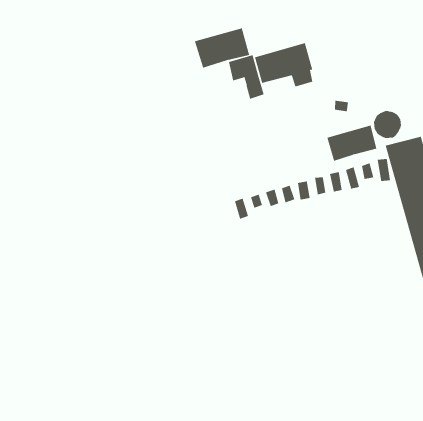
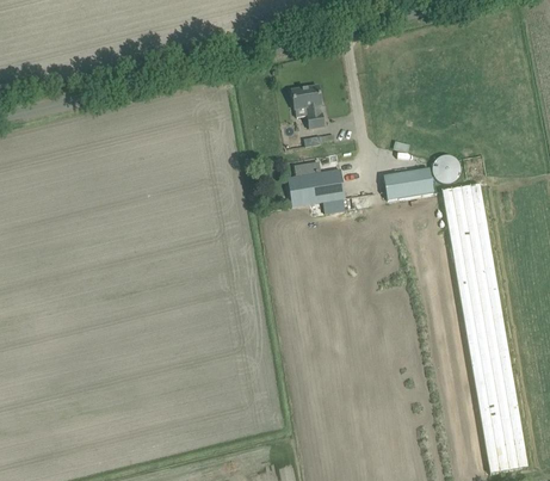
building: [194,27,250,68] -> none
building: [254,43,313,87] -> [286,168,345,212]

